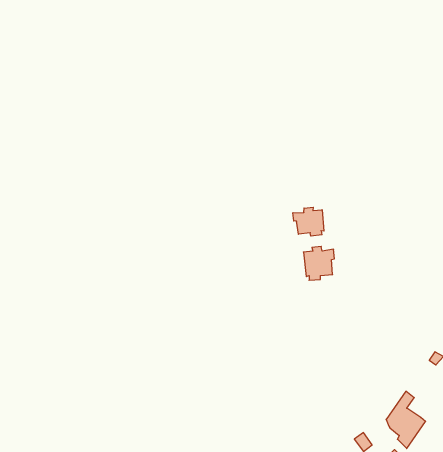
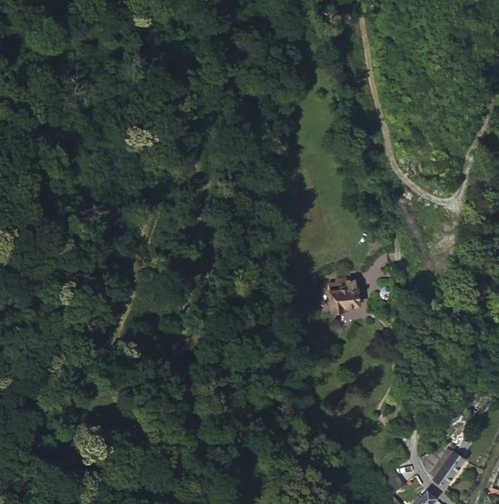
building: [293,207,324,236] -> none

